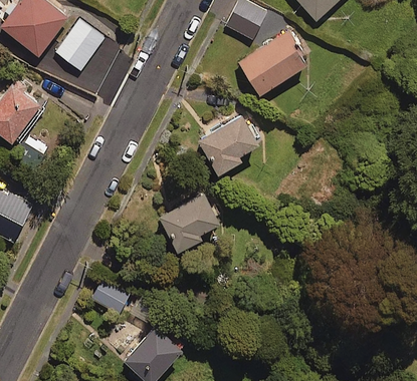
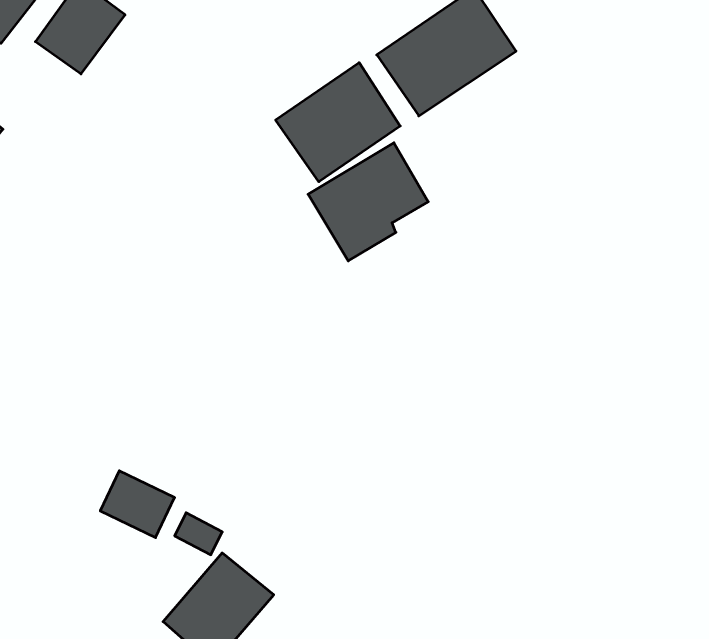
building: none -> [276,63,400,182]
building: [159,193,220,250] -> none

